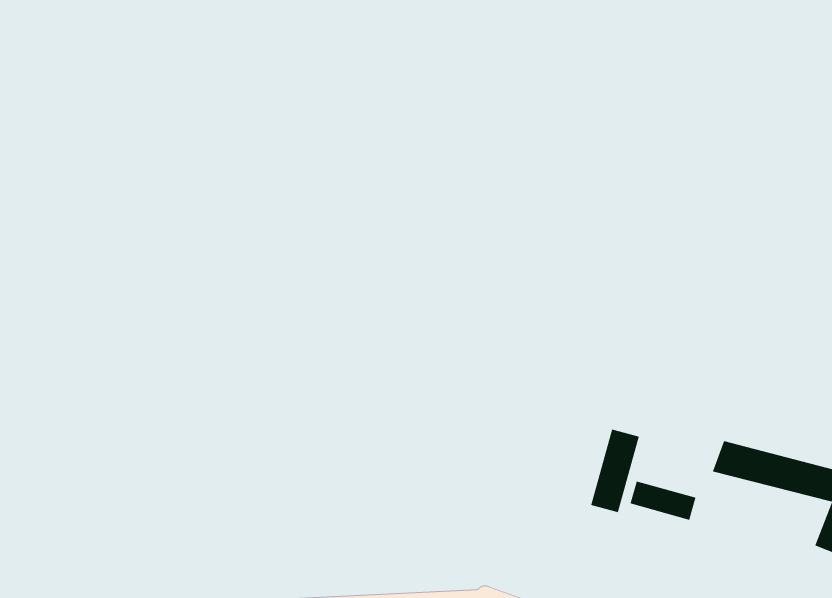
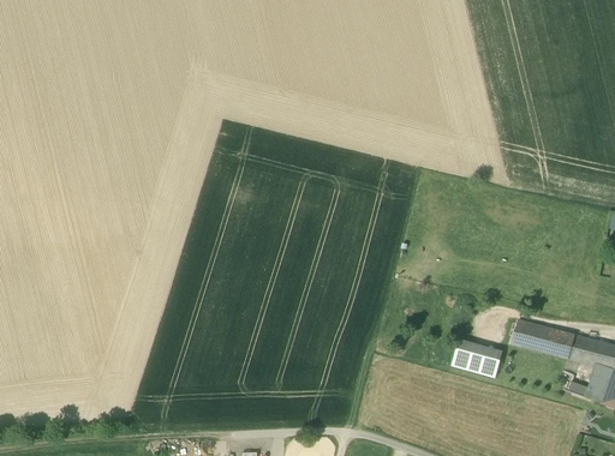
building: [590,429,640,513] -> none

